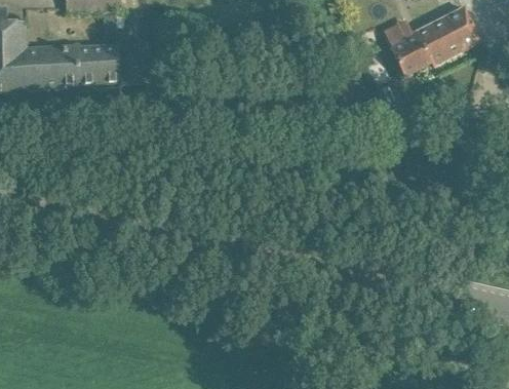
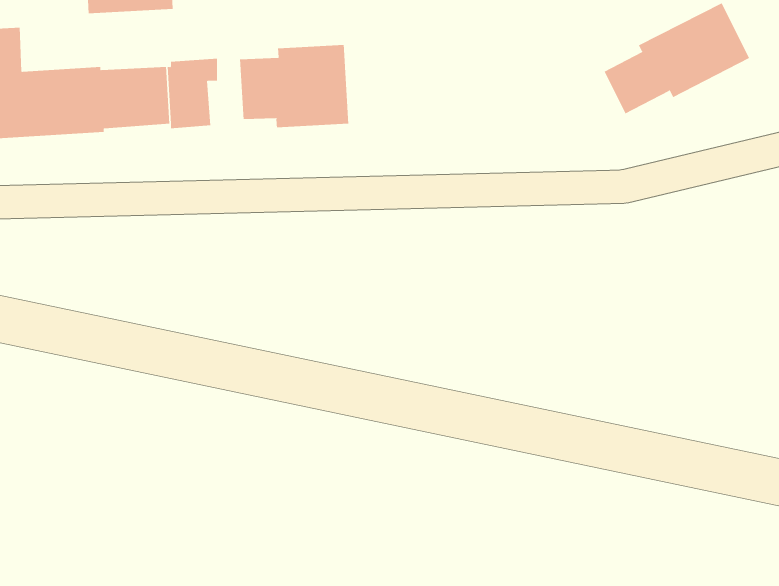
building: none -> [240,44,349,128]

